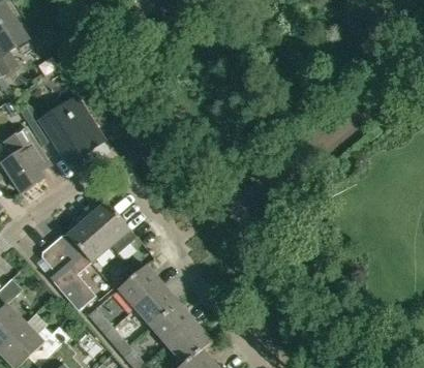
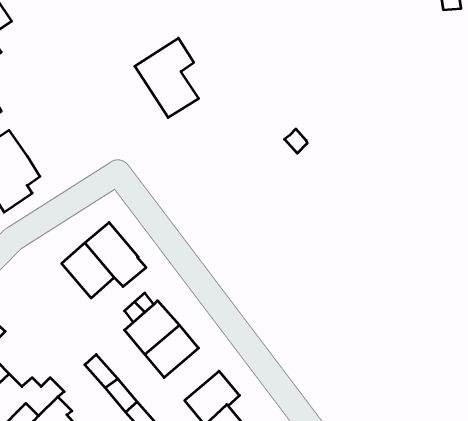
building: [40,97,92,161] -> [135,38,199,118]
building: [40,234,95,310] -> none
building: [150,302,194,344] -> none

